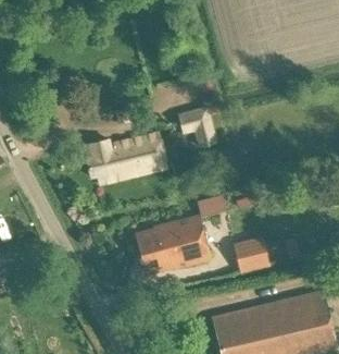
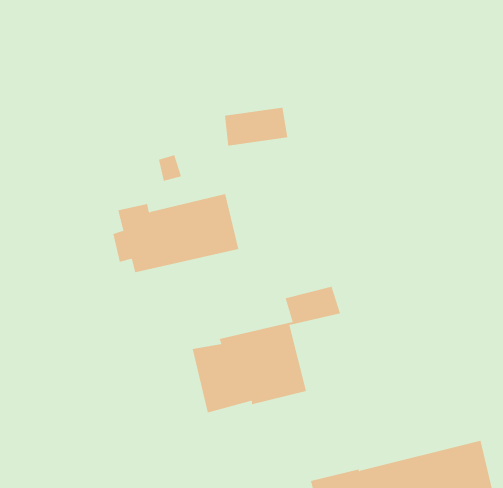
building: [177,109,215,147] -> none
building: [234,237,268,272] -> none

